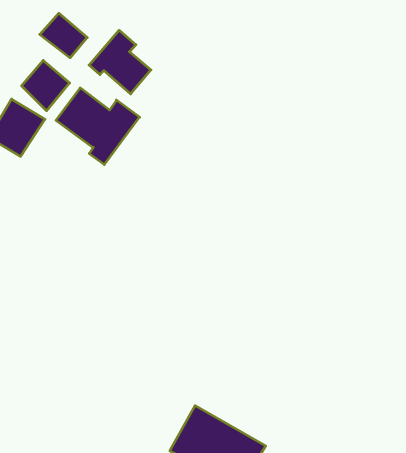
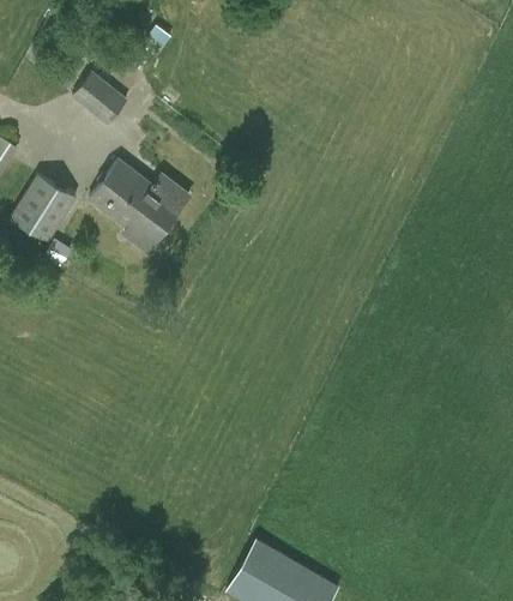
building: [89,30,151,94] -> none
building: [22,60,70,111] -> none

